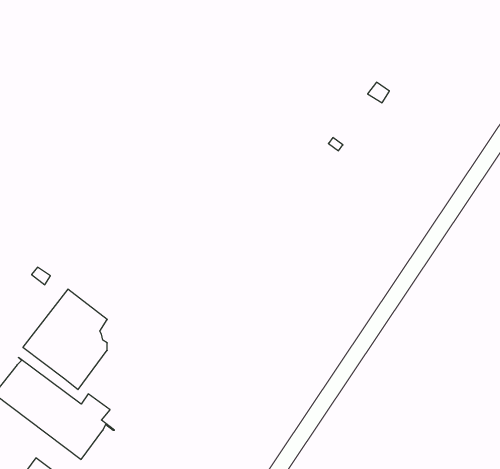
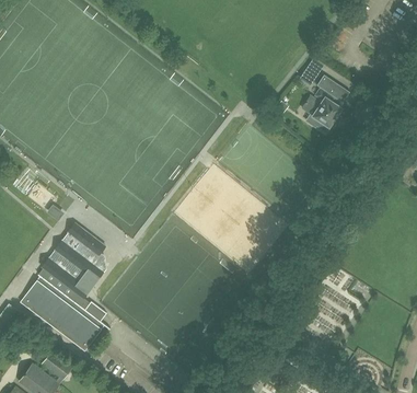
building: none -> [302,73,349,130]

